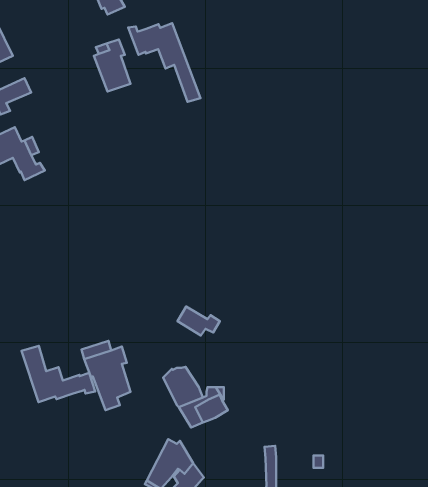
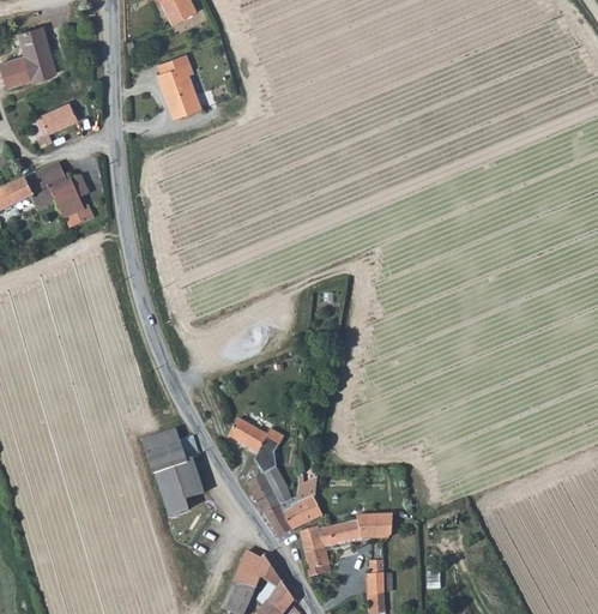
building: [128,23,200,102] -> none
building: [178,307,220,335] -> [229,417,282,453]
building: [21,346,95,402] -> none
building: none -> [300,514,392,577]

